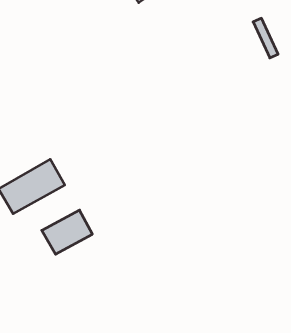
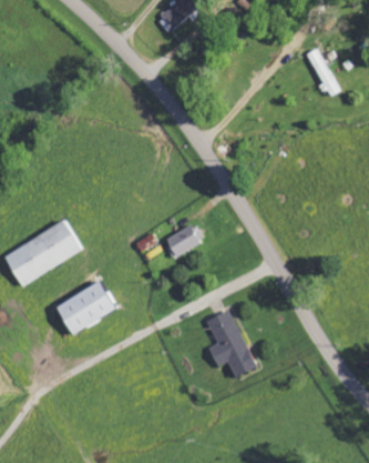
building: none -> [166,223,205,256]
building: none -> [208,310,256,376]

